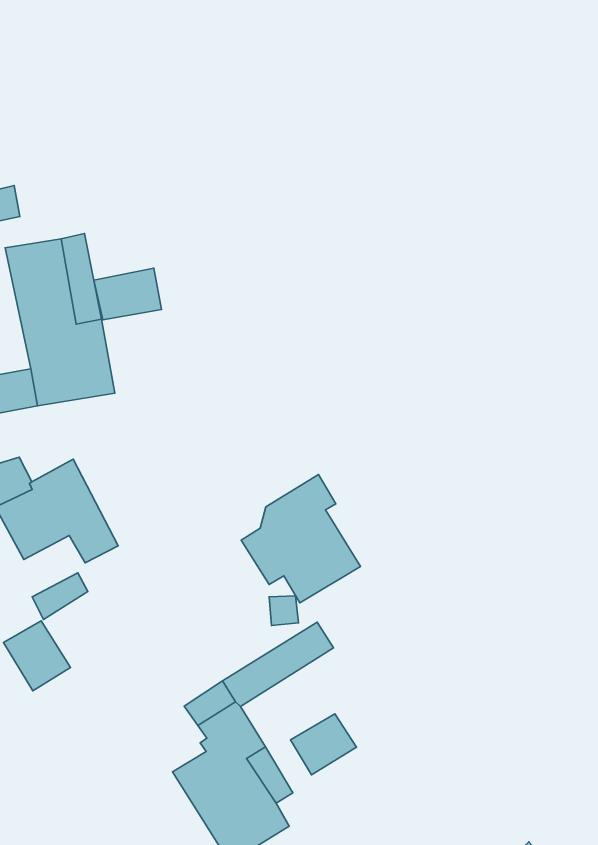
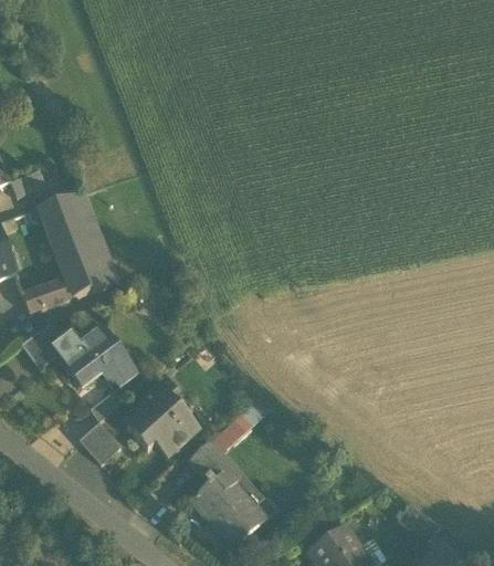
building: [94,268,162,320] -> none
building: [241,475,361,603] -> [126,380,199,458]
building: [291,714,356,775] -> none

